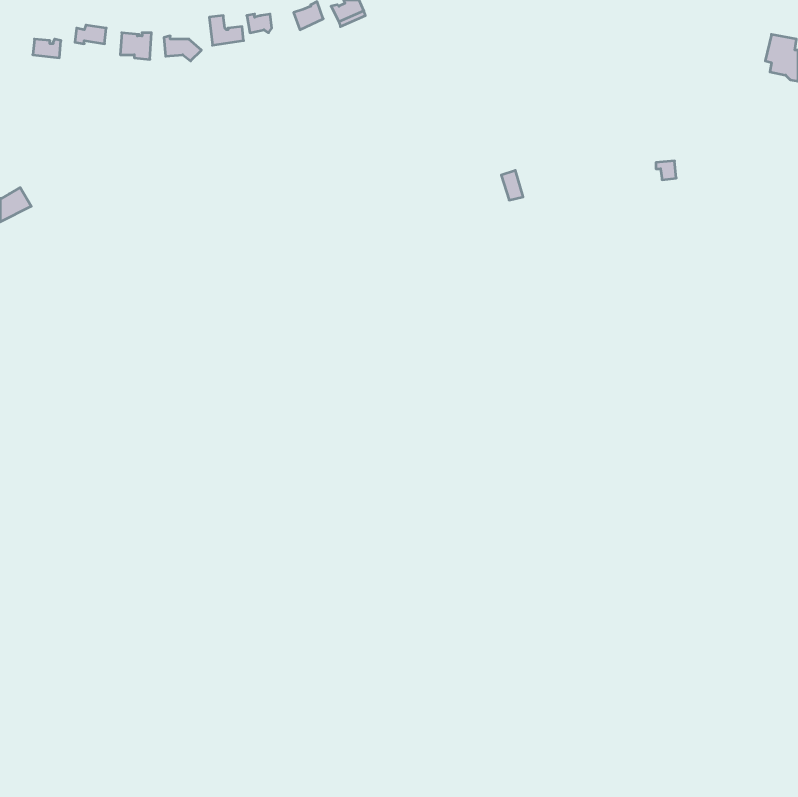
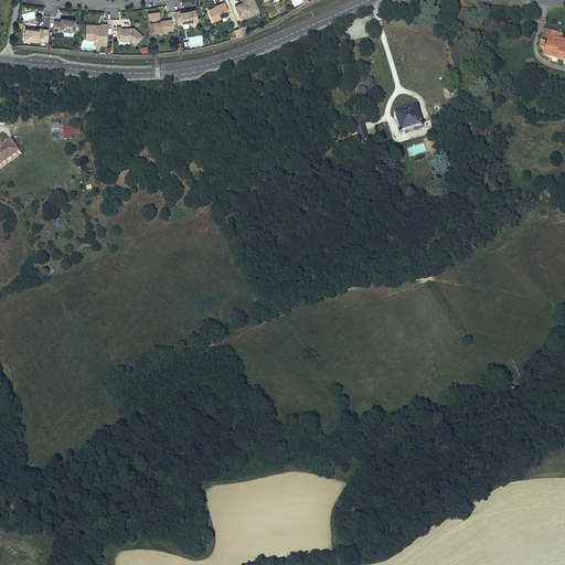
building: none -> [396,104,424,129]

